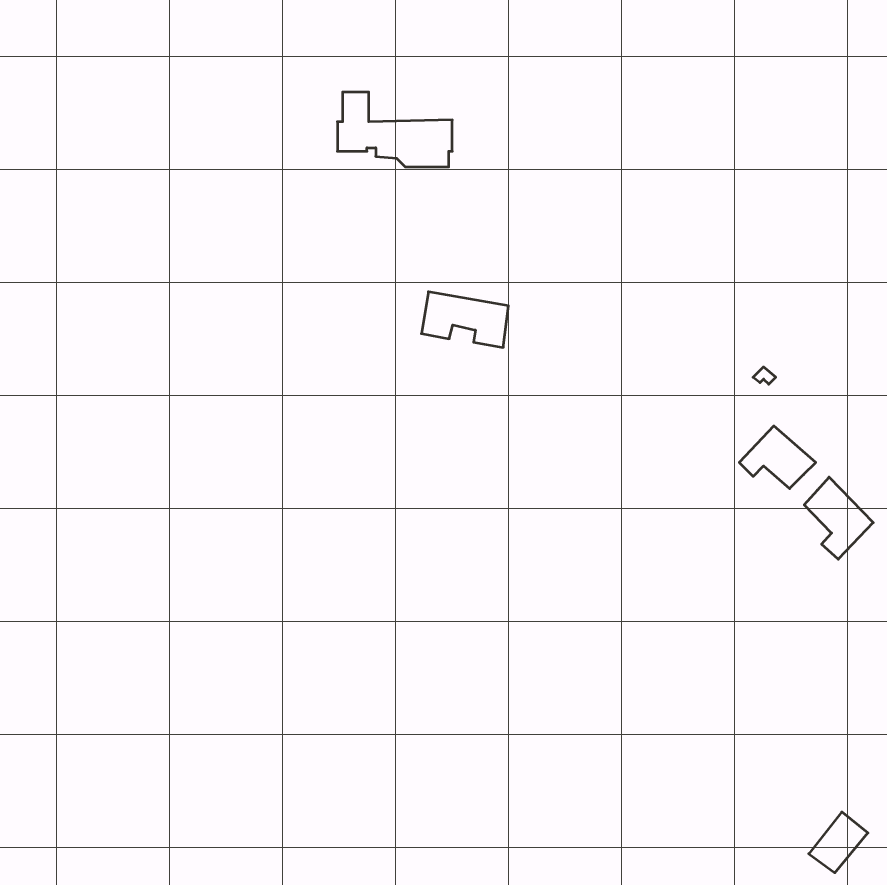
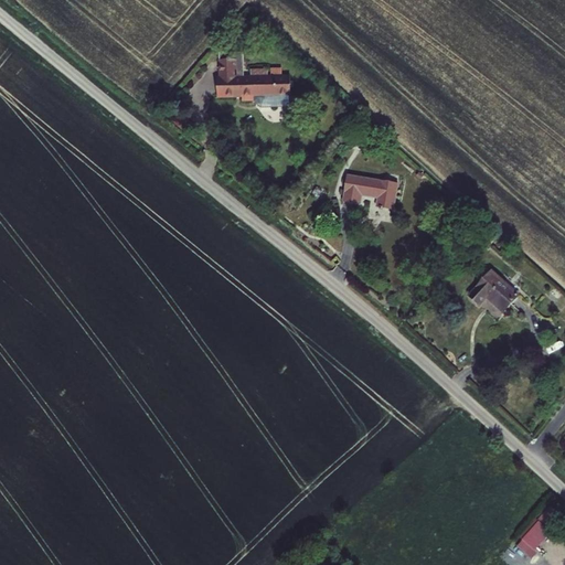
building: [421,292,508,347] -> [342,173,397,209]
building: [804,477,873,559] -> none

